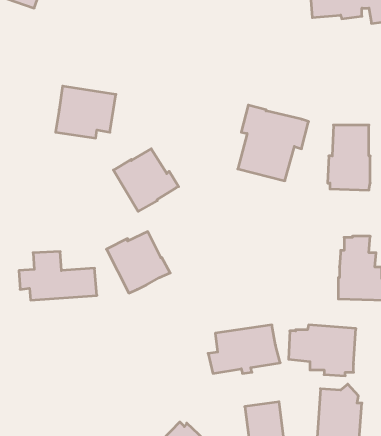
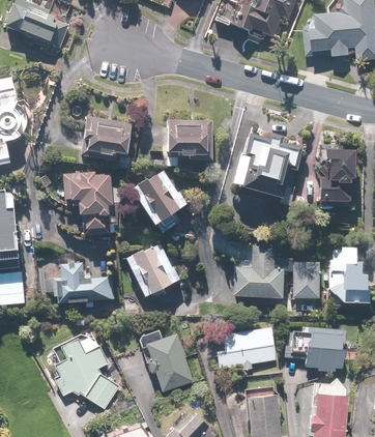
building: none -> [166,119,213,161]
building: none -> [63,172,112,229]
building: none -> [232,242,284,298]
building: none -> [292,261,320,298]
building: none -> [144,331,193,390]
building: none -> [53,336,119,407]

